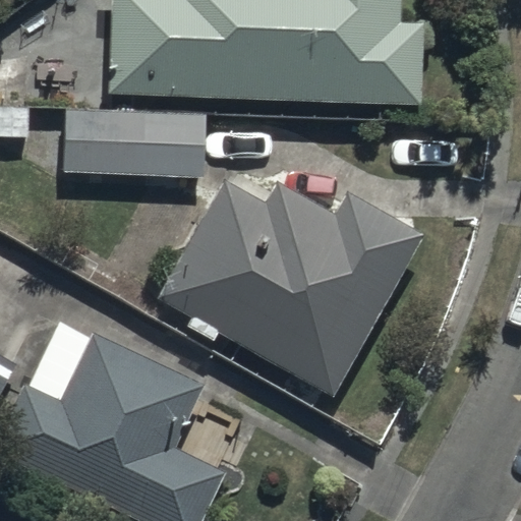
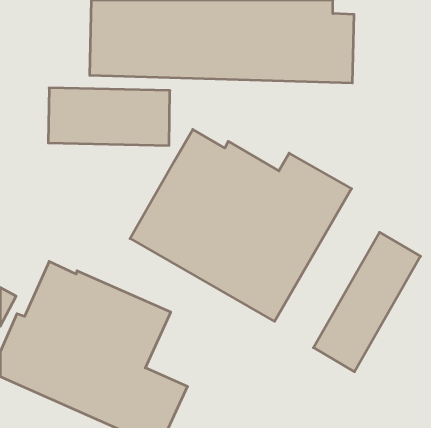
building: none -> [313,232,421,372]

